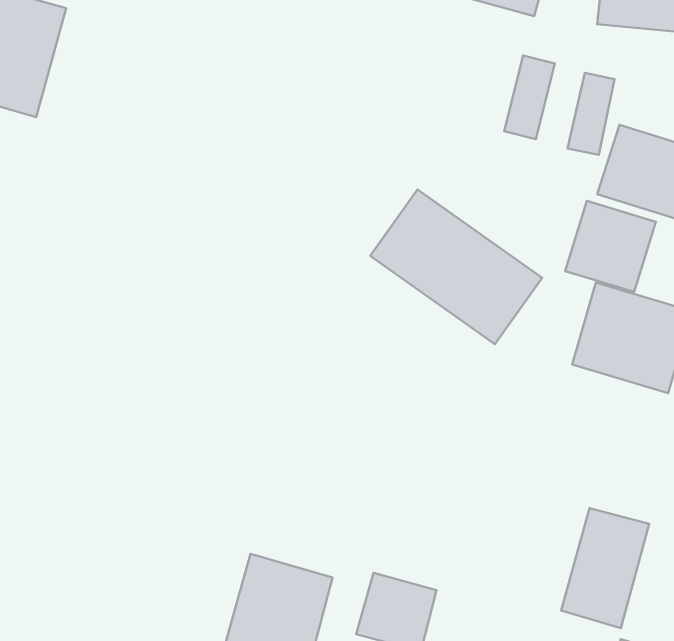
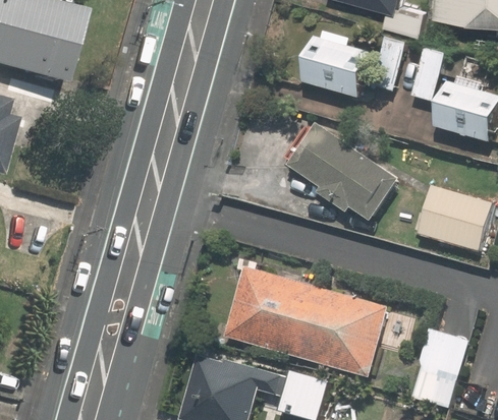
building: none -> [300,38,370,99]
building: [565,201,656,292] -> none
building: none -> [223,267,387,376]

